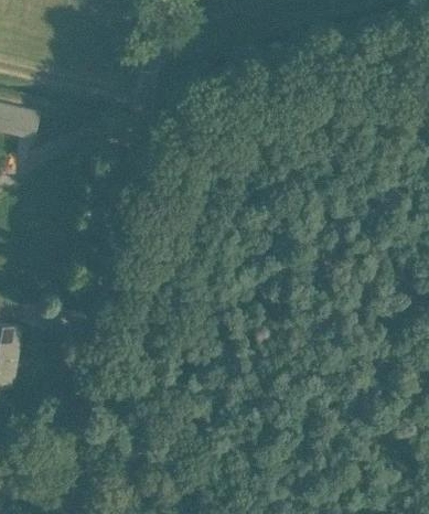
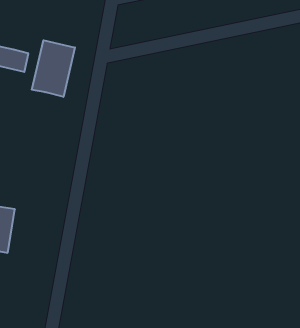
building: none -> [32,40,75,97]

